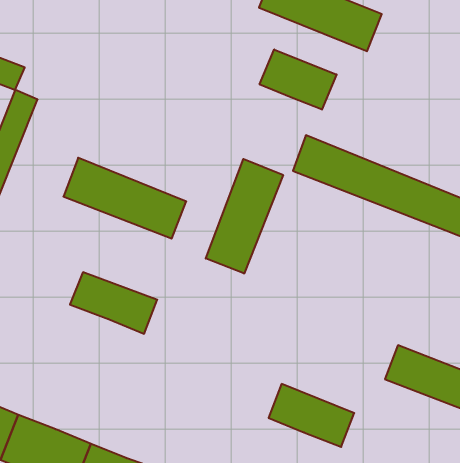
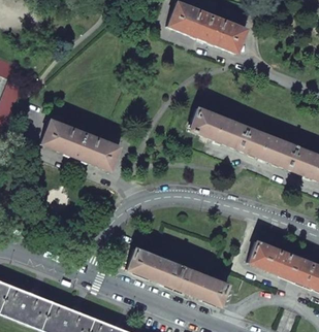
building: [260,49,337,110] -> none
building: [206,159,283,274] -> none
building: [70,272,157,334] -> [126,248,182,288]

